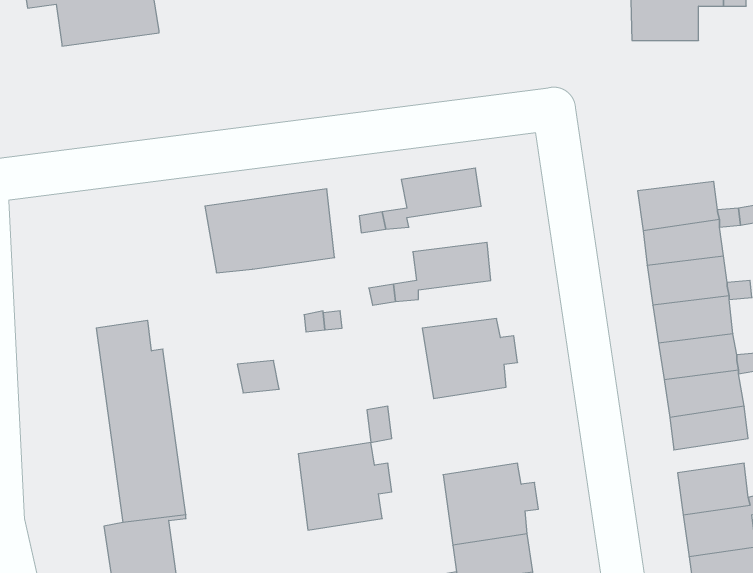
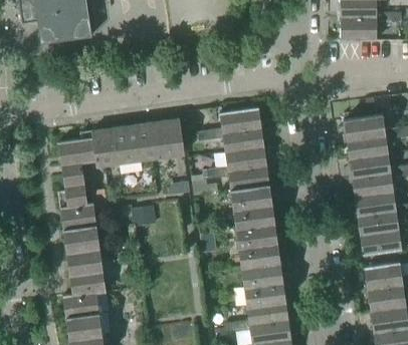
building: none -> [58,127,122,191]
building: none -> [222,127,264,151]
building: none -> [228,166,269,192]
building: [298,442,392,530] -> [236,223,285,269]

